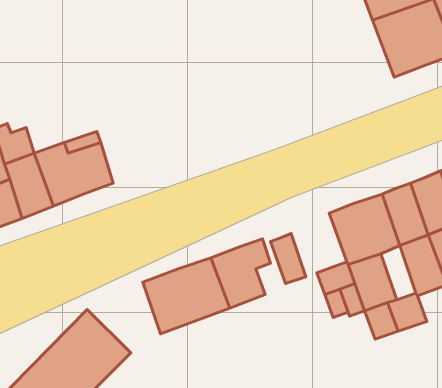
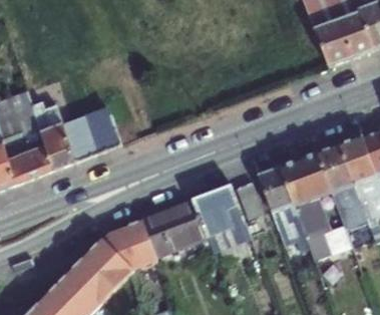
building: none -> [258,166,293,210]
building: none -> [207,203,250,251]
building: none -> [101,217,157,269]

